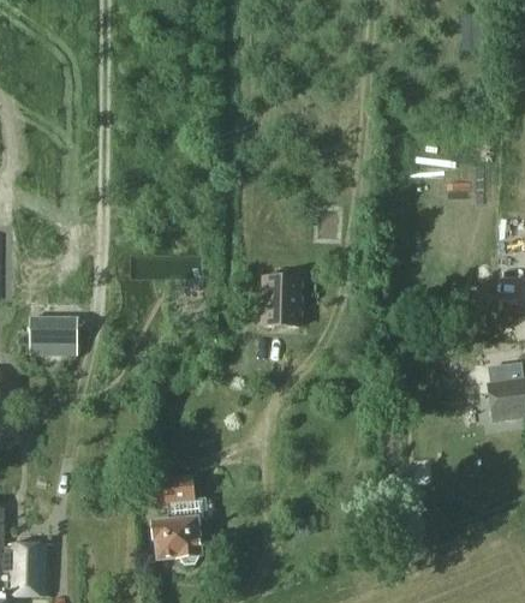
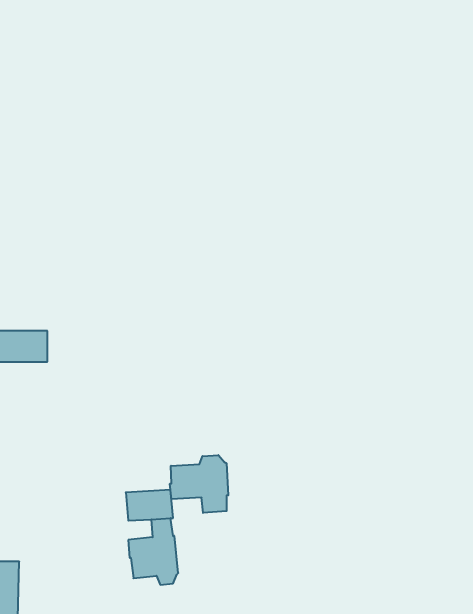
building: [262,274,300,327] -> none
building: none -> [170,455,228,513]

